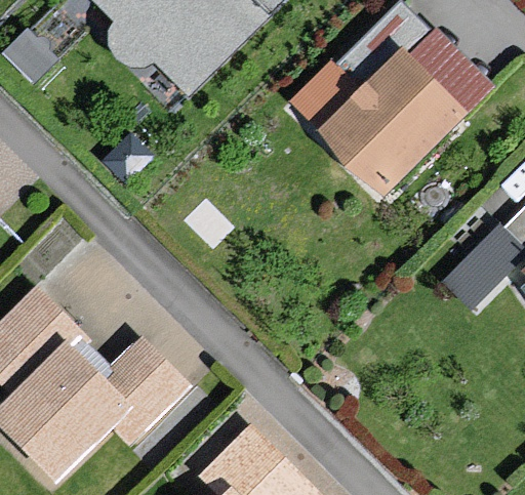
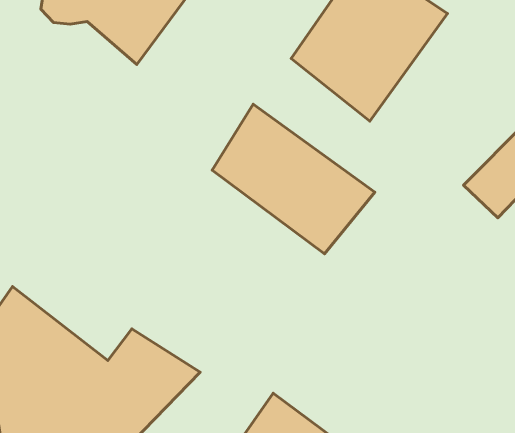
building: none -> [212,104,375,254]

